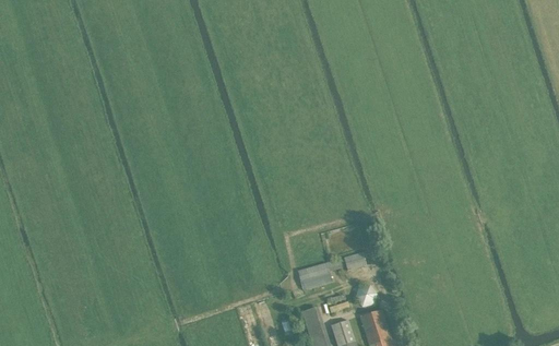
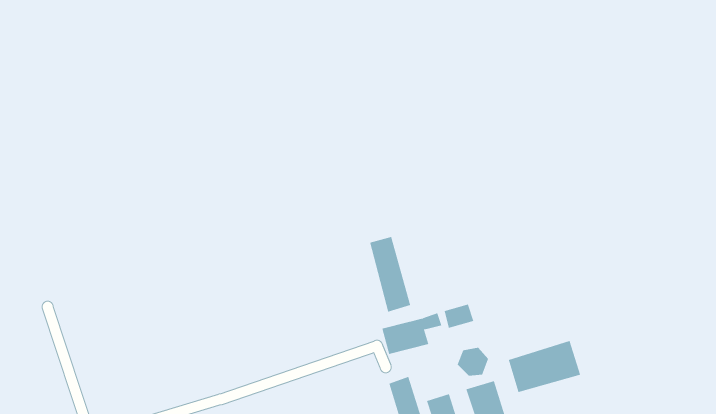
building: none -> [369,236,411,312]
building: none -> [508,340,581,393]

